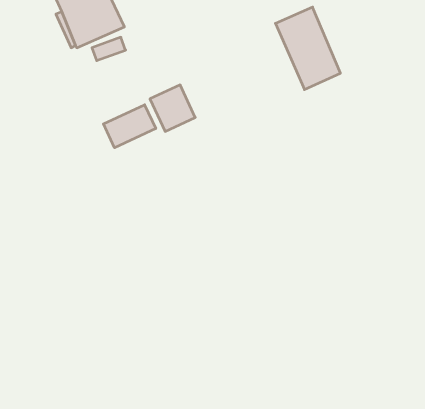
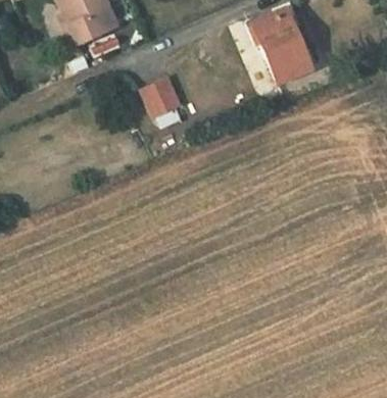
building: [103,105,156,148] -> none

